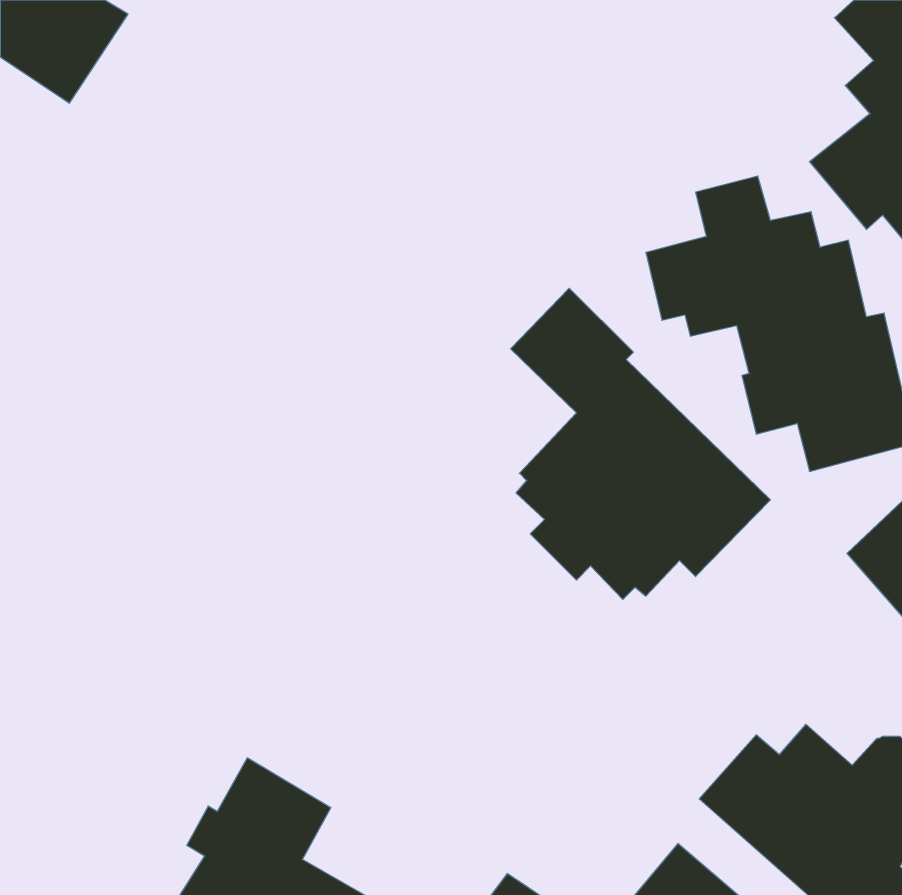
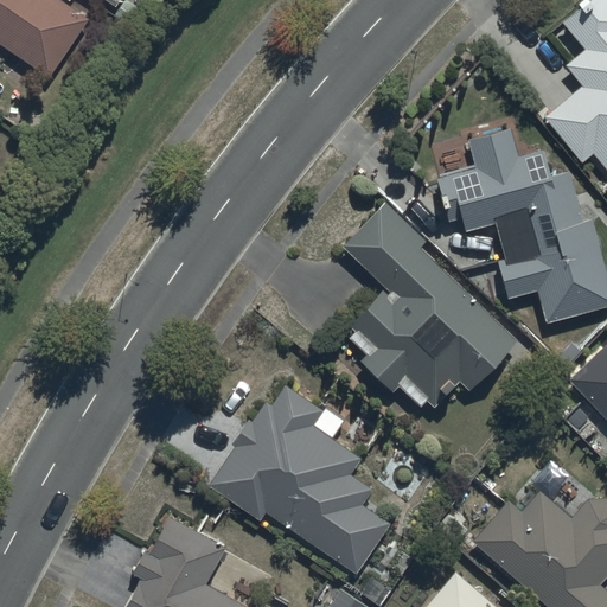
building: none -> [207,386,391,574]

